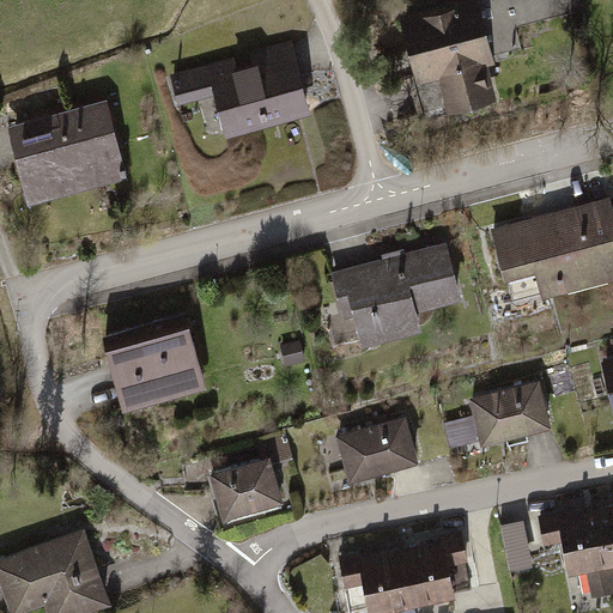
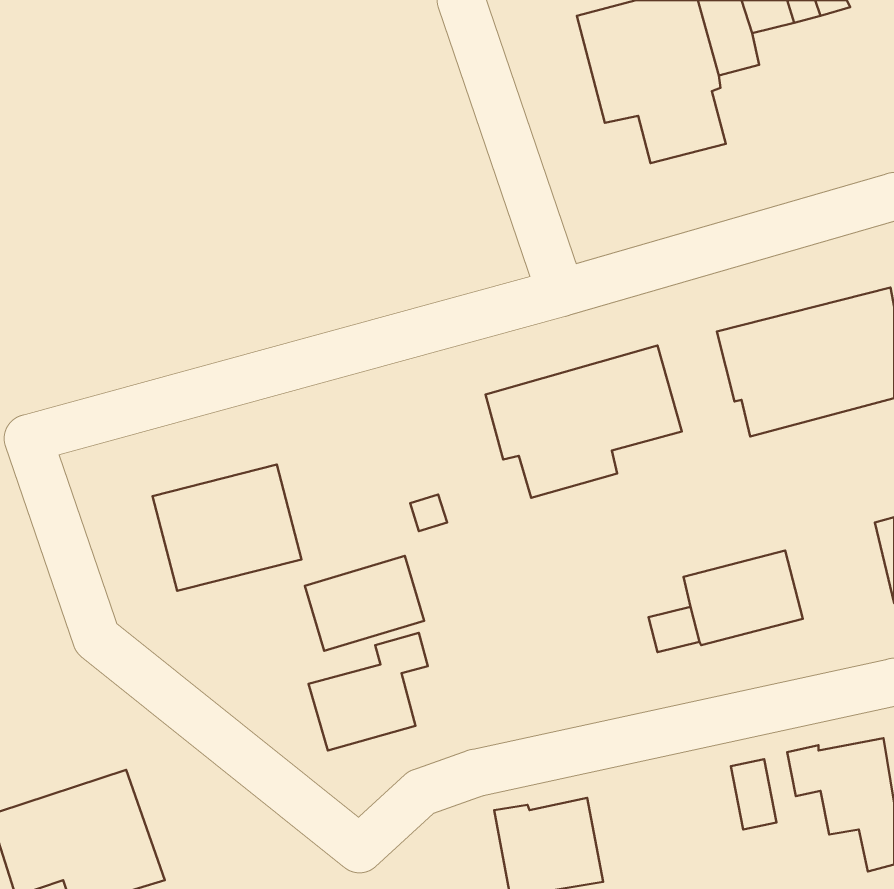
building: [169,45,310,135] -> none
building: [7,101,126,201] -> none
building: [336,417,418,481] -> [305,556,424,651]
building: [401,534,473,607] -> none

